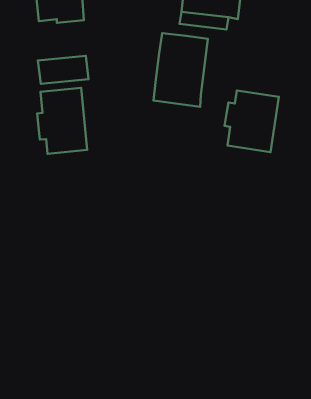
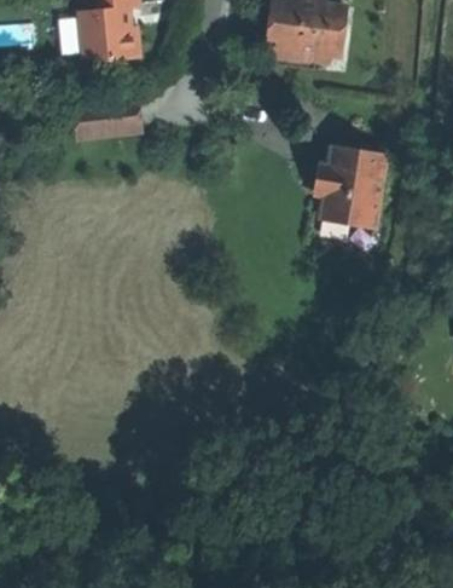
building: [153,33,208,107] -> none
building: [37,88,87,154] -> none

